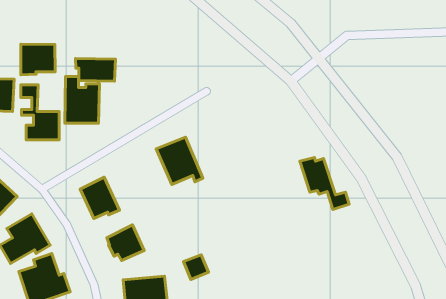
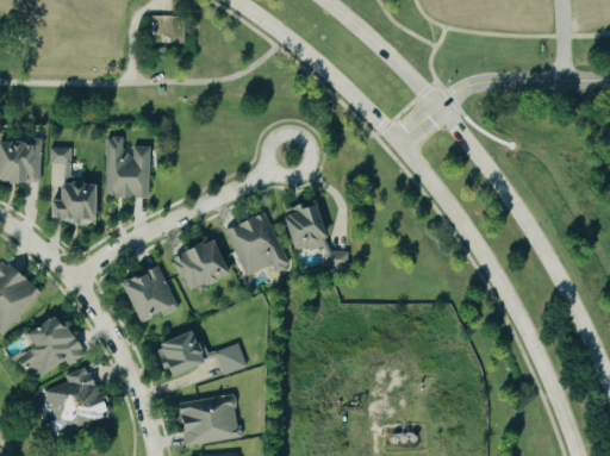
building: [21,44,55,75] -> none
building: [75,58,116,81] -> none
building: [300,157,349,210] -> [285,204,349,271]
building: none -> [170,242,226,288]
building: [184,255,208,280] -> [213,343,245,375]

